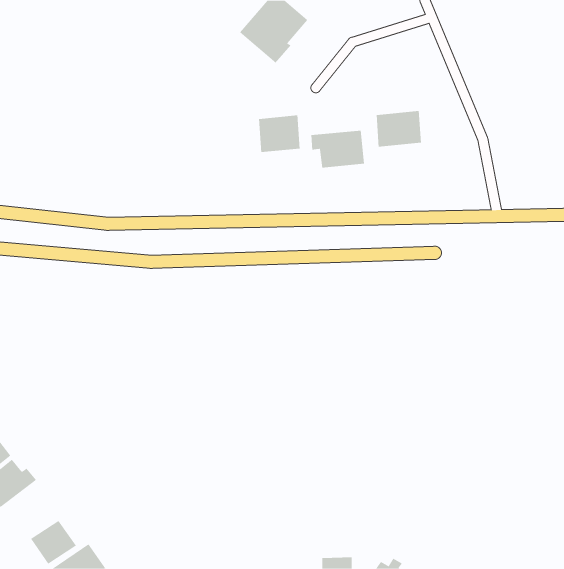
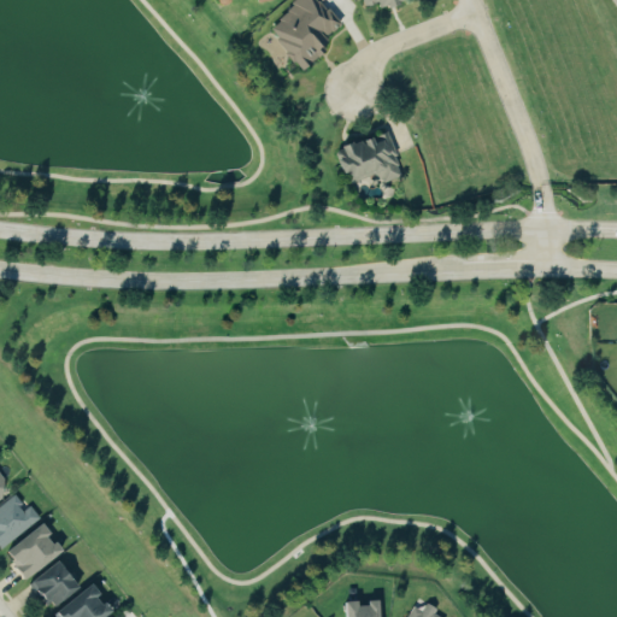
building: [376,110,421,147] -> none
building: [258,114,300,153] -> none
building: none -> [7,525,65,582]

